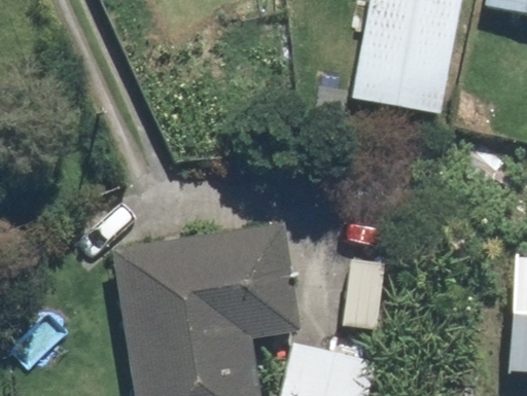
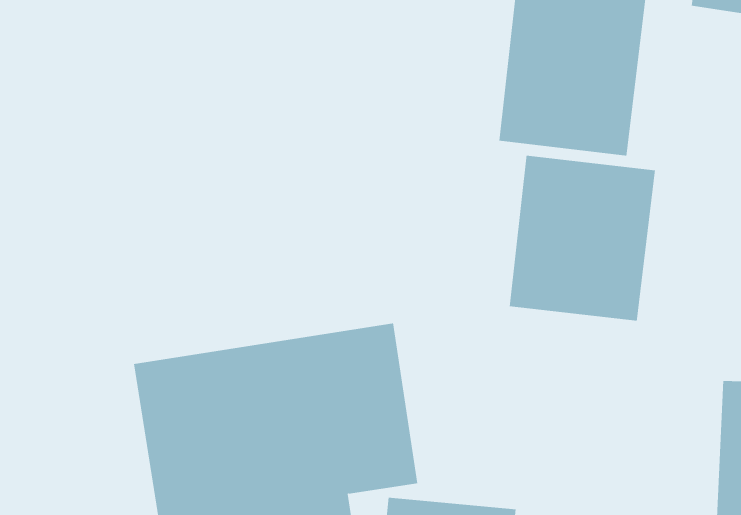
building: none -> [509,155,656,321]

